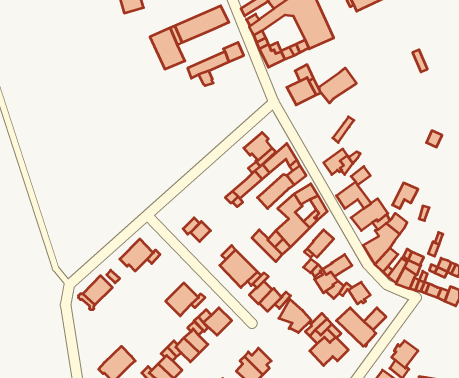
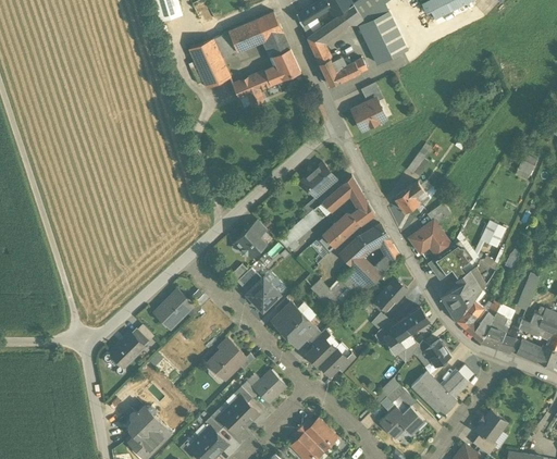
building: none -> [265,33,294,64]
building: [319,68,356,103] -> none
building: none -> [234,220,267,259]
building: none -> [246,278,280,312]
building: [279,299,311,333] -> none
building: none -> [129,407,156,436]

